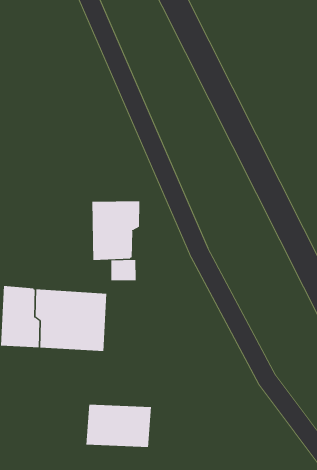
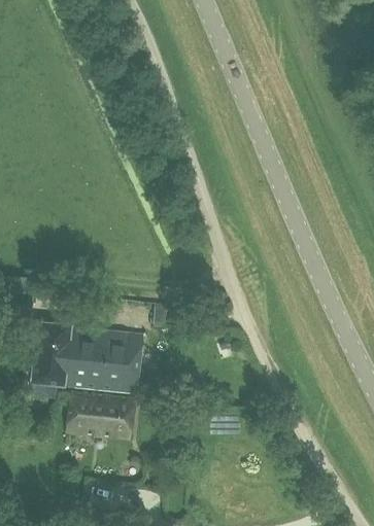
building: [92,200,140,261] -> none
building: [86,404,152,447] -> [67,394,135,441]

